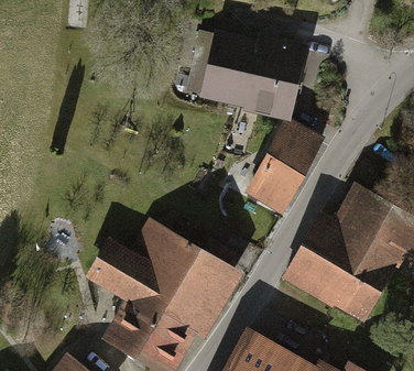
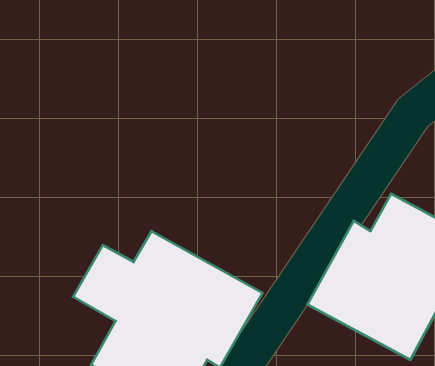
building: [186,28,310,118] -> none
building: [250,124,323,212] -> none

